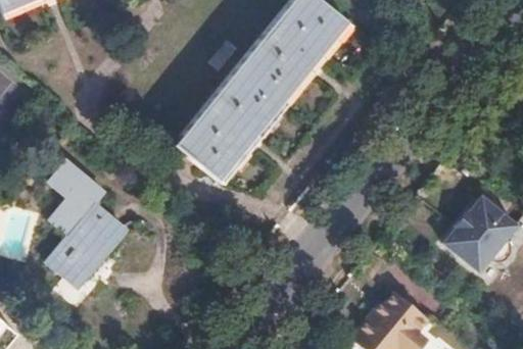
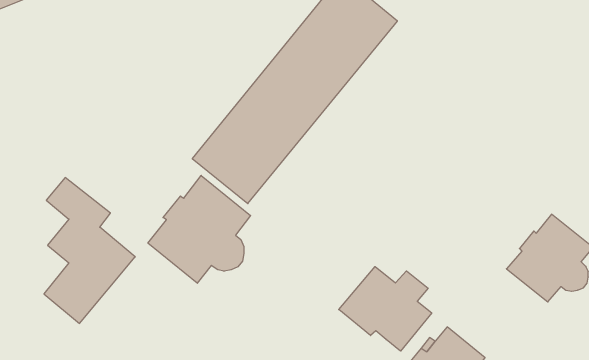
building: none -> [148,175,251,283]
building: none -> [339,267,432,351]

